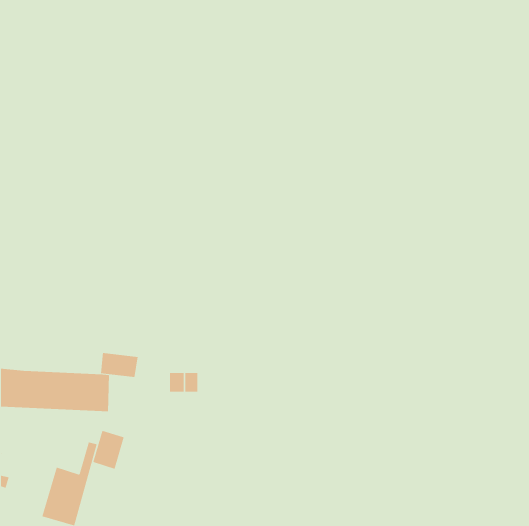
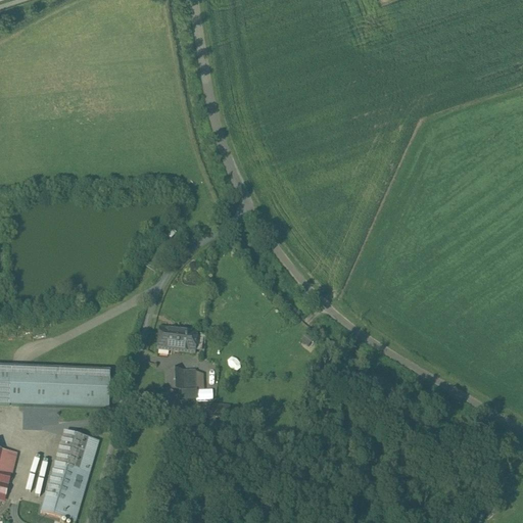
building: [100,353,138,378] -> [159,325,197,349]
building: [92,430,125,469] -> [56,428,88,467]

